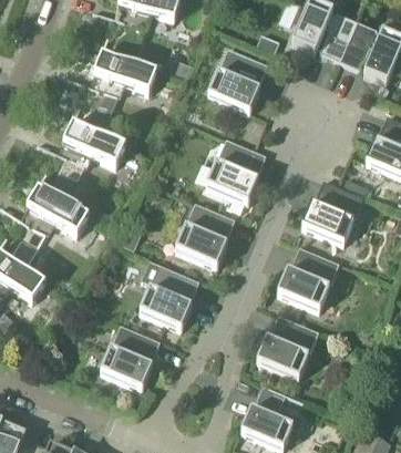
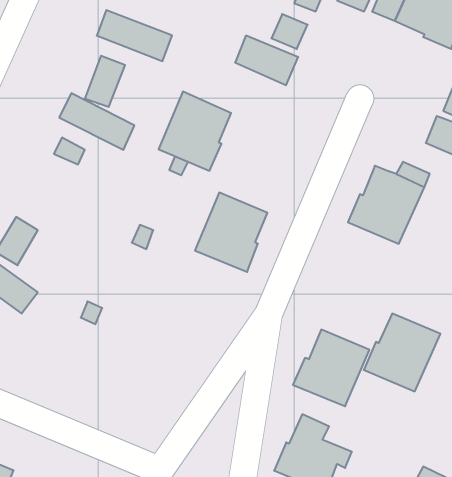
building: [205,138,265,204] -> [159,92,231,171]
building: [25,187,88,236] -> none
building: [276,247,339,311] -> [364,314,440,391]
building: [138,265,198,330] -> none
building: [100,325,160,390] -> none

